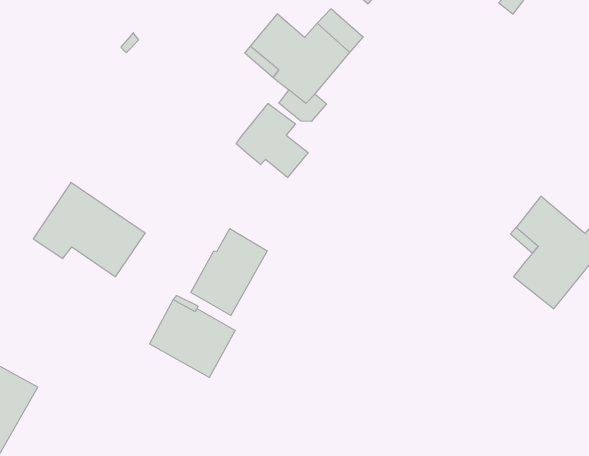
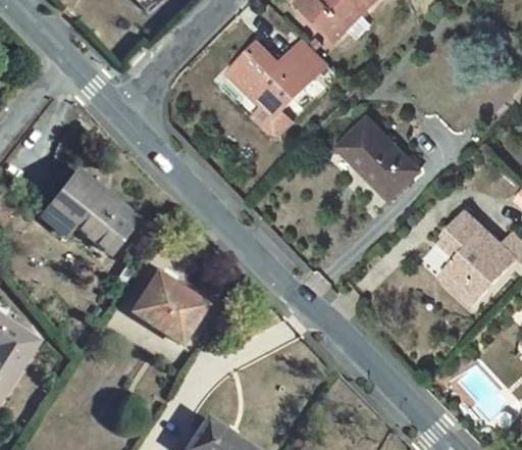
building: none -> [337,116,419,198]
building: [236,103,308,178] -> none
building: [191,228,267,315] -> none

